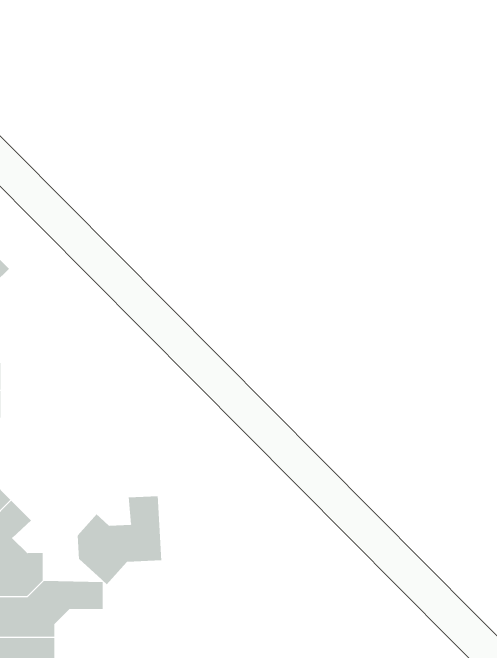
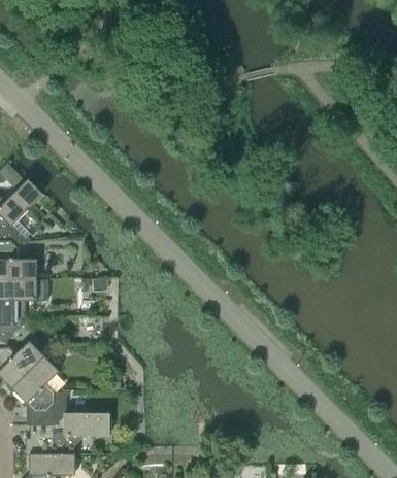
building: [77,496,162,585] -> none

